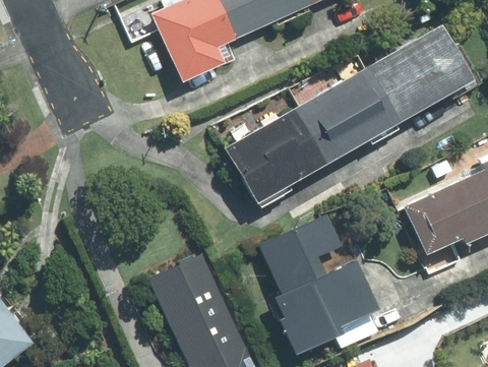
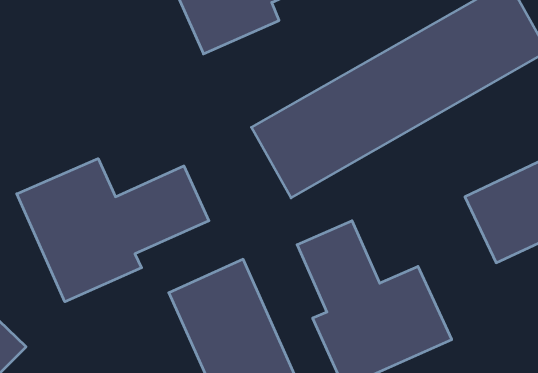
building: none -> [17,159,209,302]

